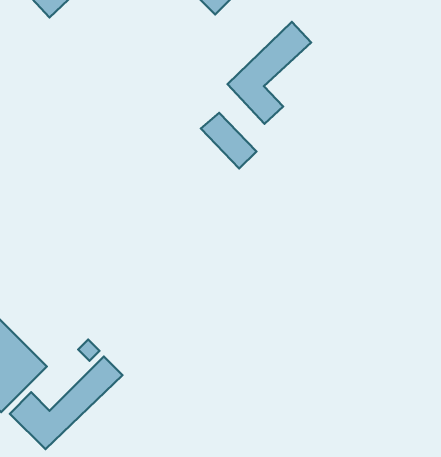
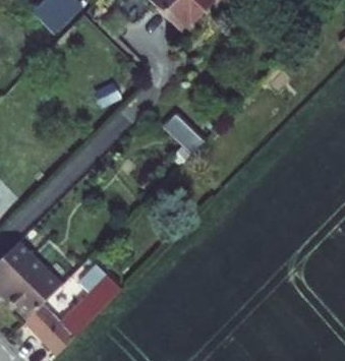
building: [227,22,311,124] -> none

